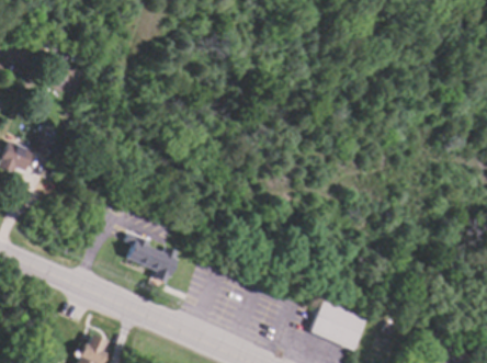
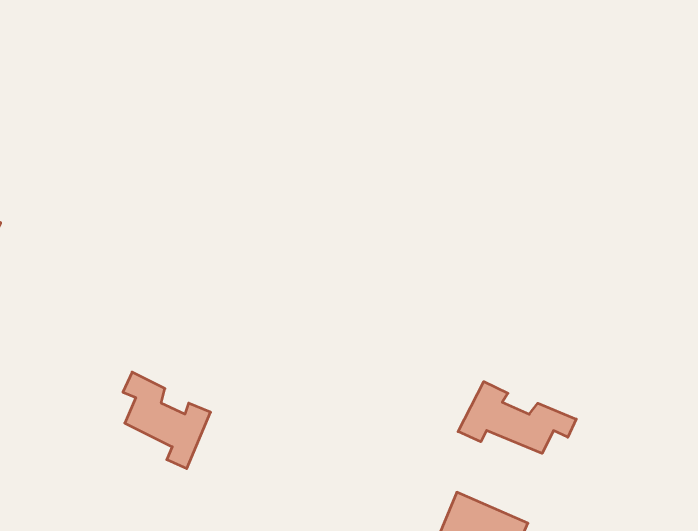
building: none -> [458,382,576,453]

